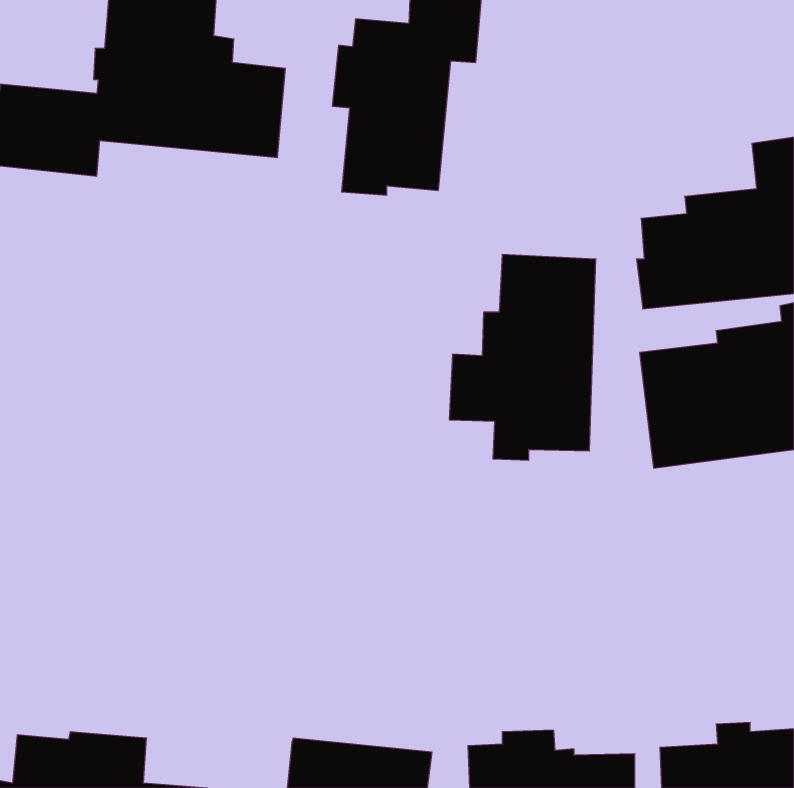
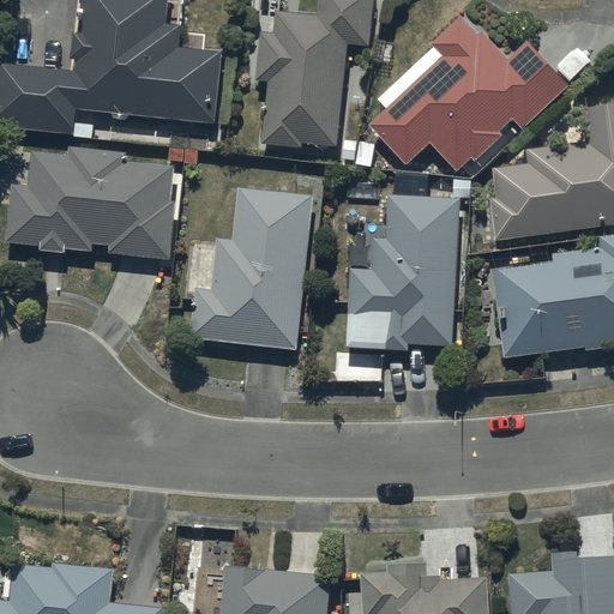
building: none -> [367,19,566,173]
building: none -> [7,149,175,259]
building: none -> [189,188,312,350]

